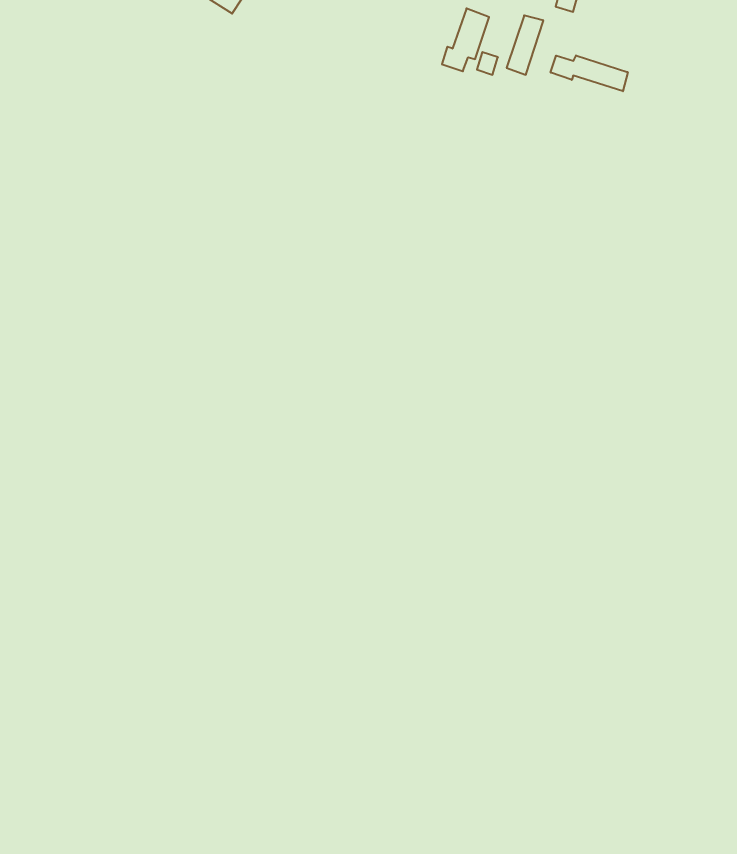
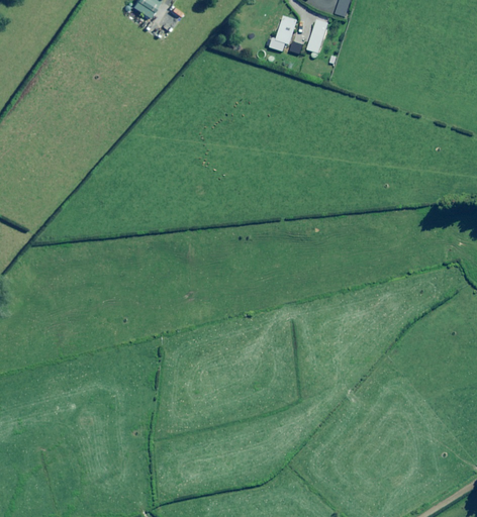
building: [551,55,628,91] -> none

